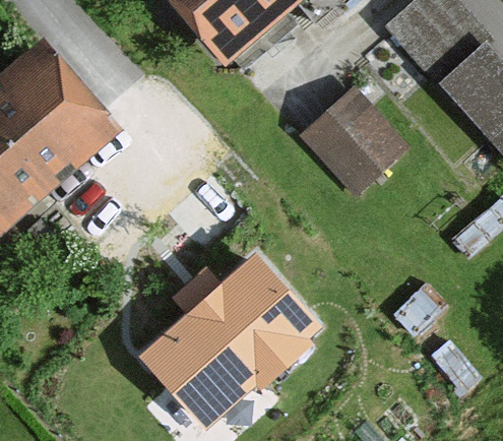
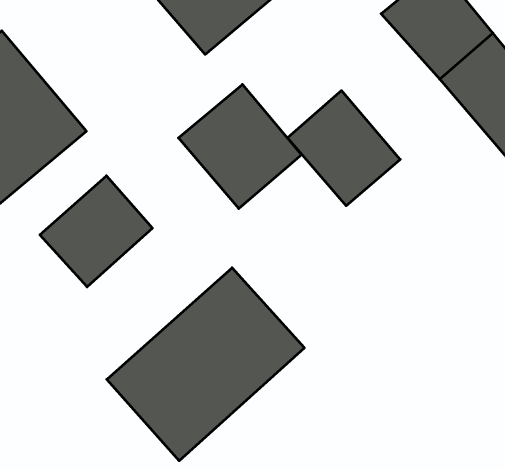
building: none -> [178,84,302,209]
building: none -> [40,176,152,287]

